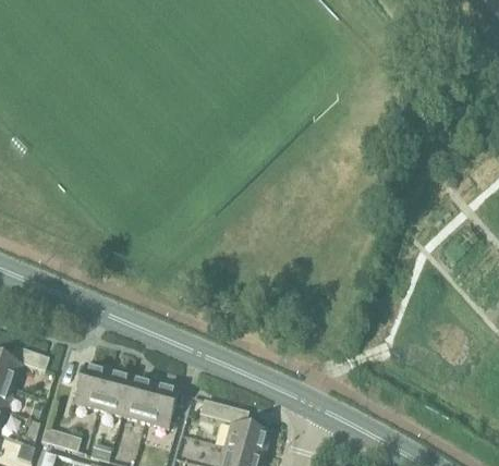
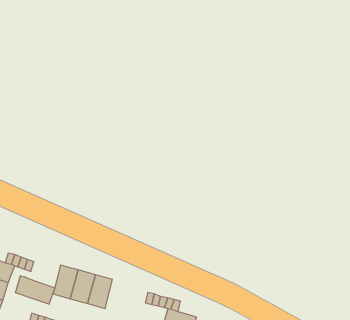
building: none -> [15,276,55,304]
building: [145,382,179,428] -> none

